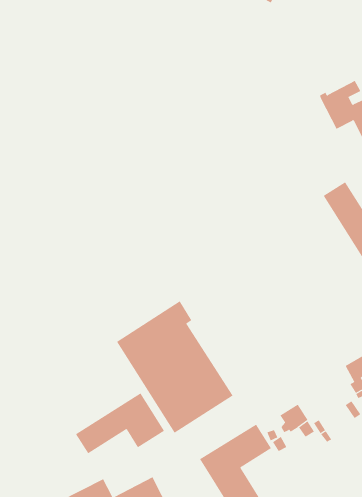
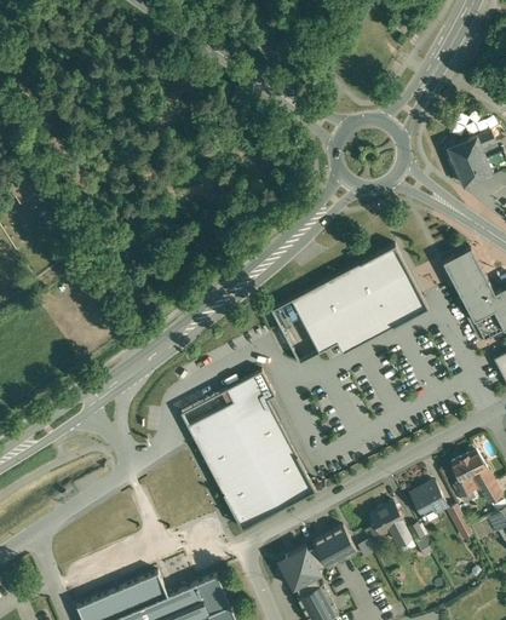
building: none -> [272,246,429,364]
building: none -> [409,482,445,519]
building: [75,393,165,454] -> none

